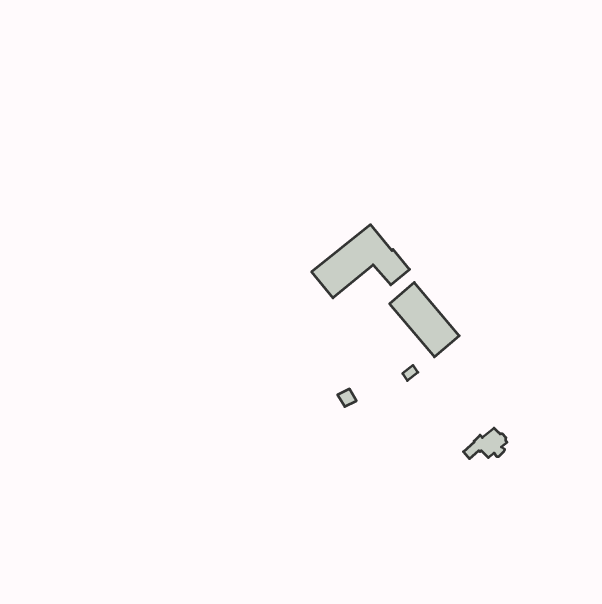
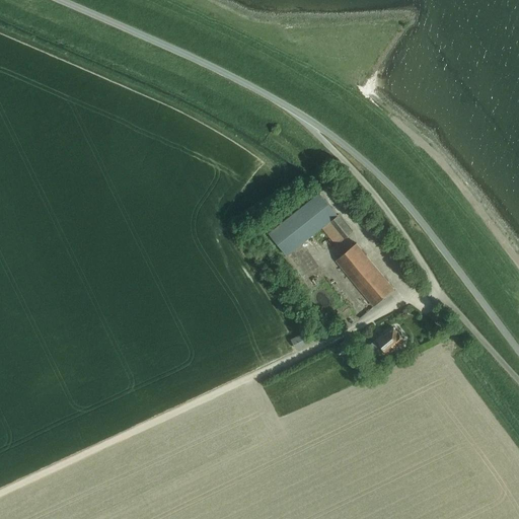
building: [463,428,507,459] -> [367,327,404,354]

